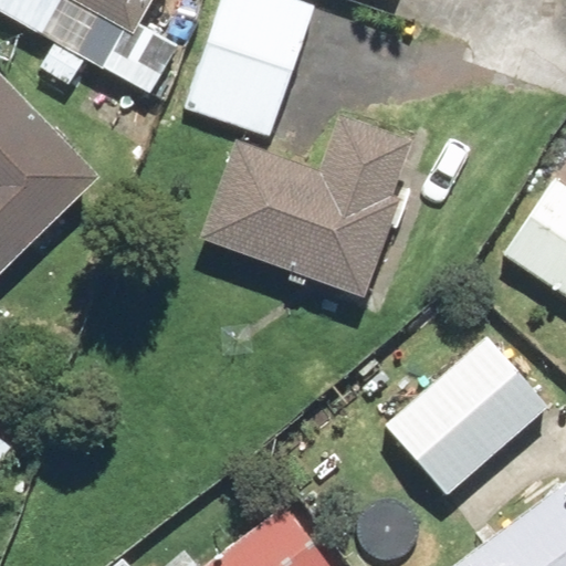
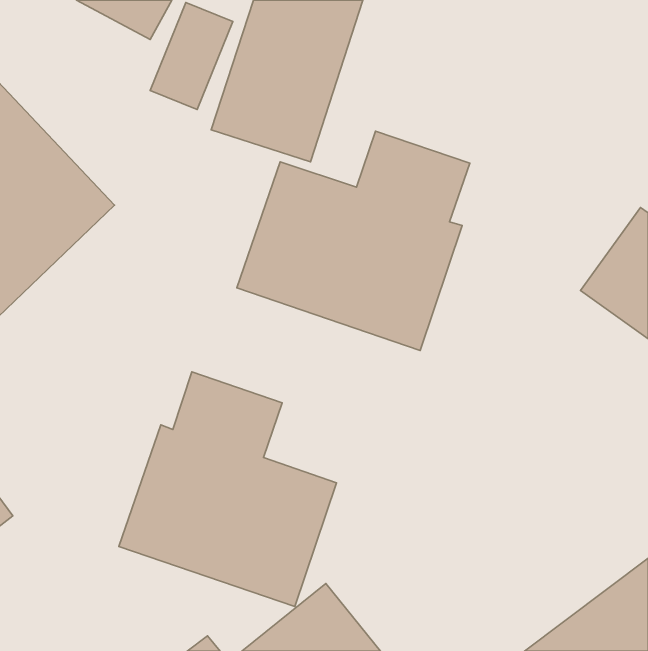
building: none -> [119,372,337,606]
building: [385,337,547,496] -> none

